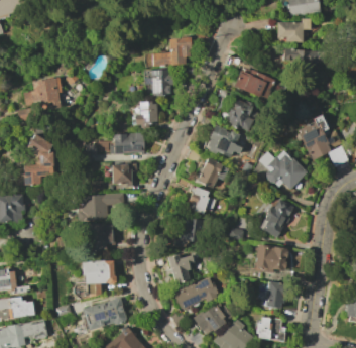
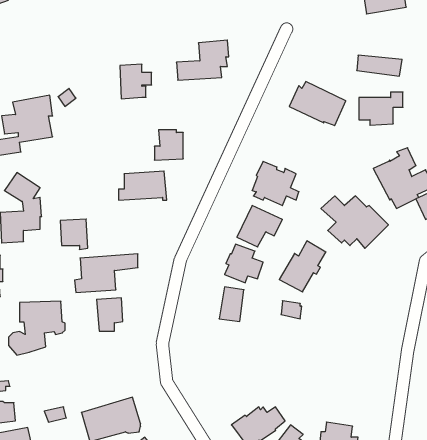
building: [277,18,310,42] -> [359,92,403,125]
building: [150,70,173,95] -> [120,64,152,99]
building: [225,99,258,131] -> none
building: [111,163,131,186] -> [60,219,88,249]
building: [259,199,293,236] -> [279,241,326,292]
building: [255,244,287,270] -> none
building: [167,252,193,282] -> none
building: [74,260,115,300] -> [9,301,65,355]
building: [173,276,217,309] -> none
building: [265,280,291,309] -> none

